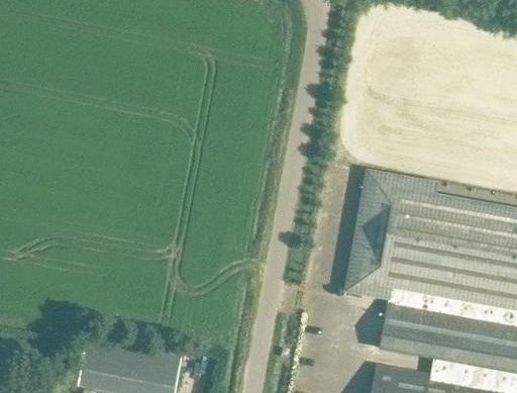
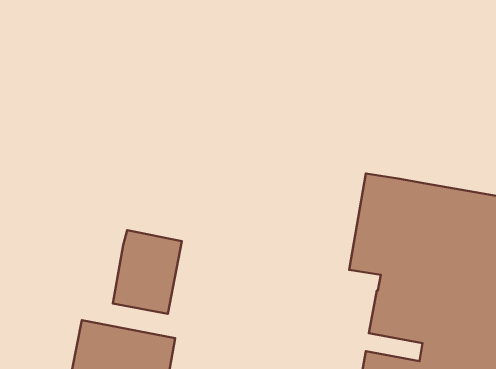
building: none -> [113,230,182,314]

